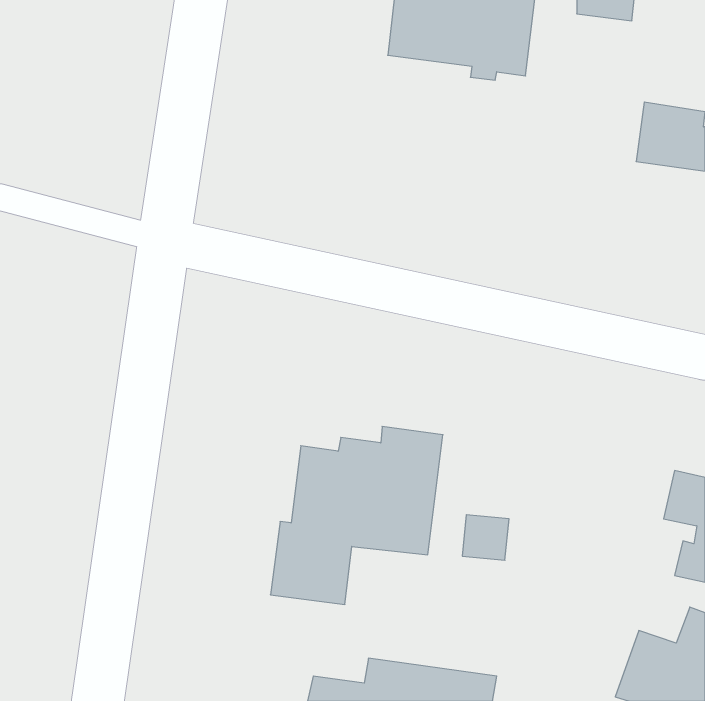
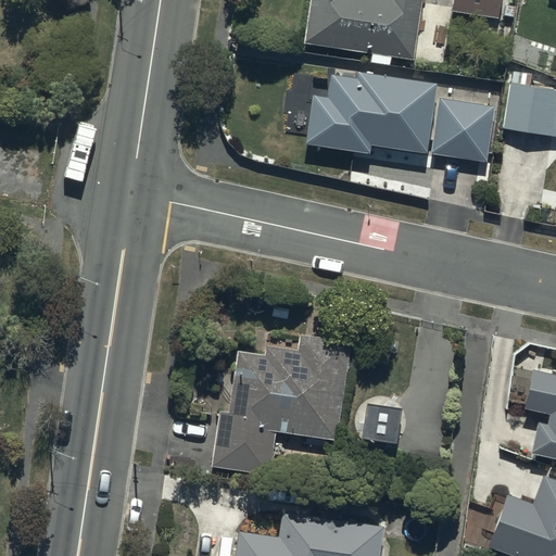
building: none -> [308,73,494,162]

